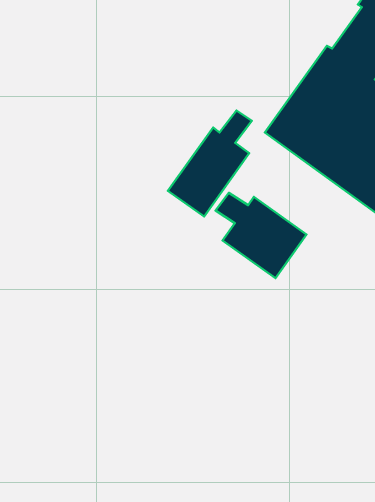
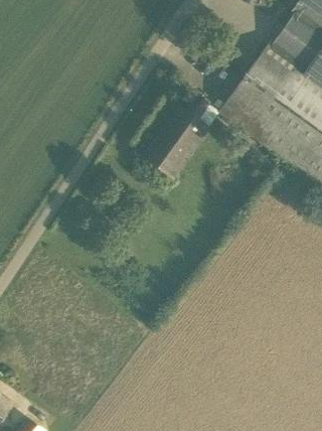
building: [215,193,307,278] -> none

